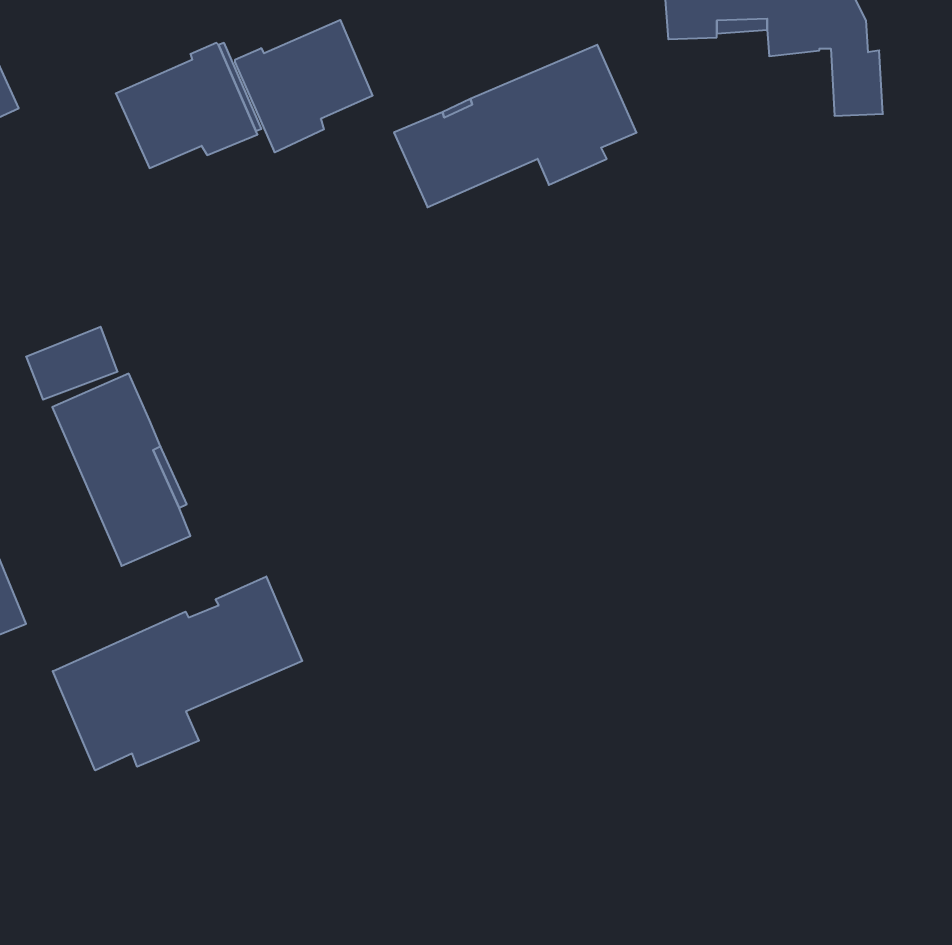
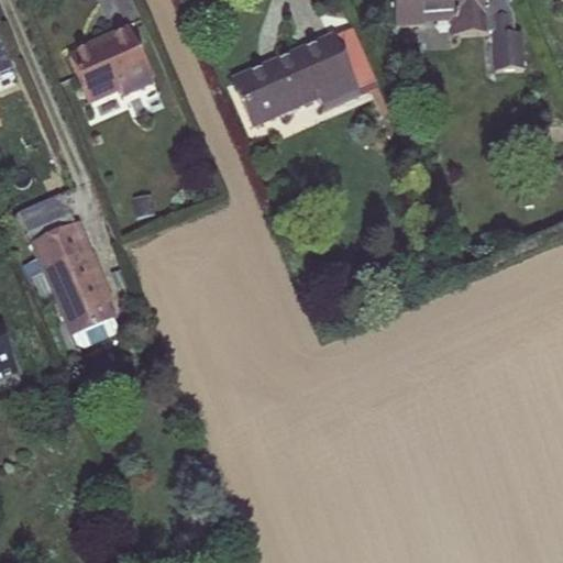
building: [235,20,373,152] -> none
building: [53,576,302,770] -> none

